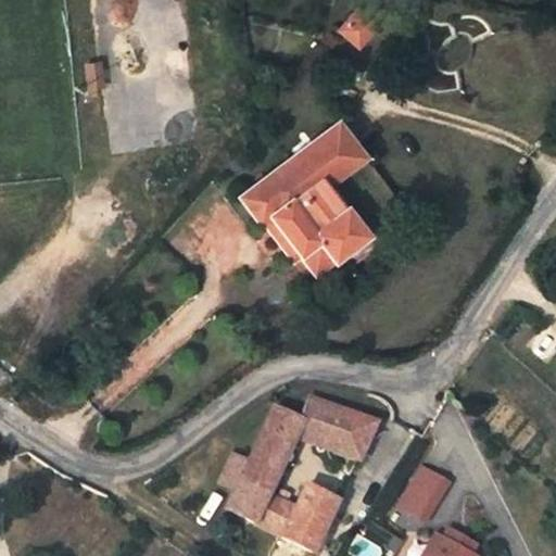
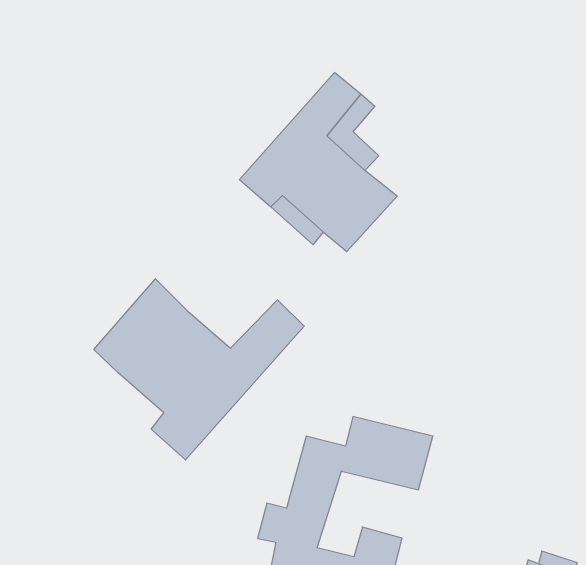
building: none -> [94,279,304,460]
building: [399,463,443,513] -> none

